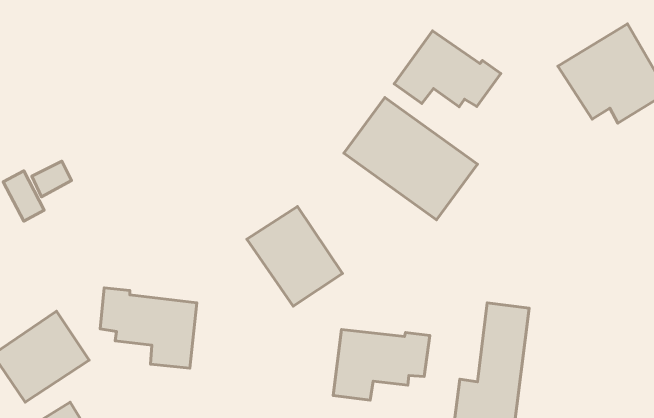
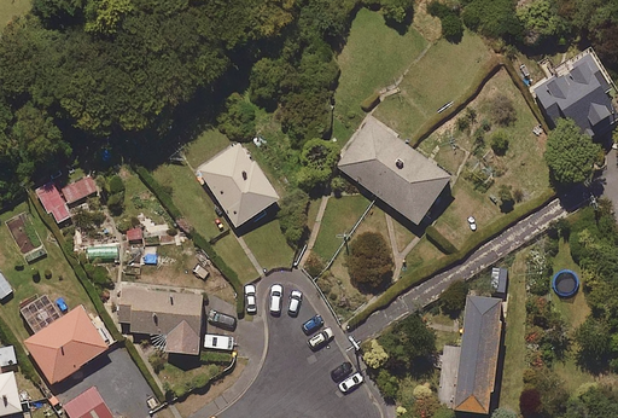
building: [394,31,501,107] -> none
building: [247,207,342,306] -> [192,140,276,228]
building: [333,330,430,400] -> none

